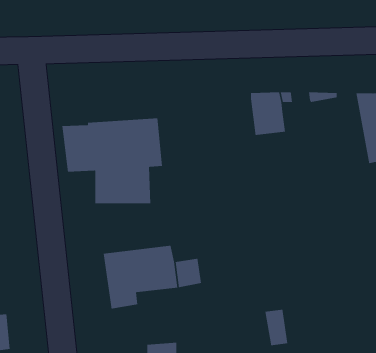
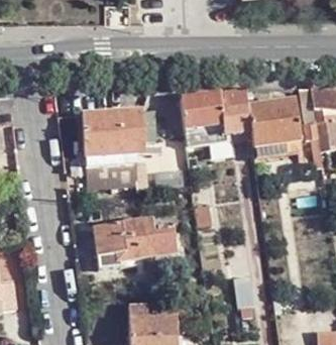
building: none -> [182,94,225,140]
building: none -> [248,98,303,146]

